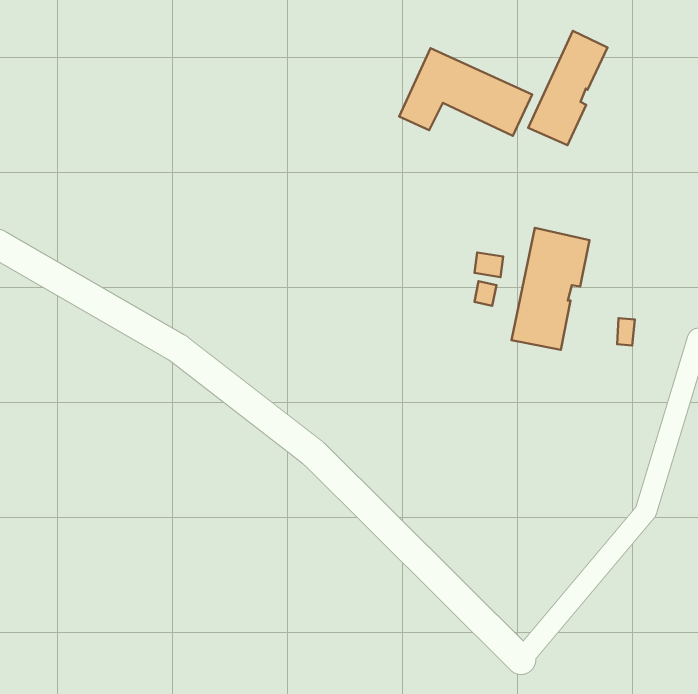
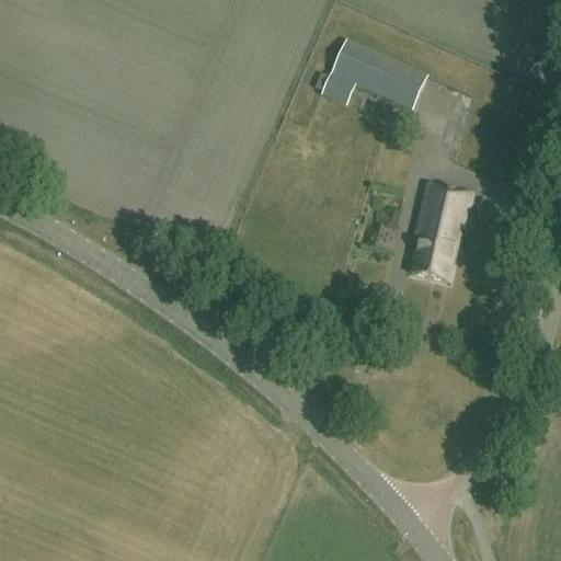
building: [528,31,607,145] -> none

